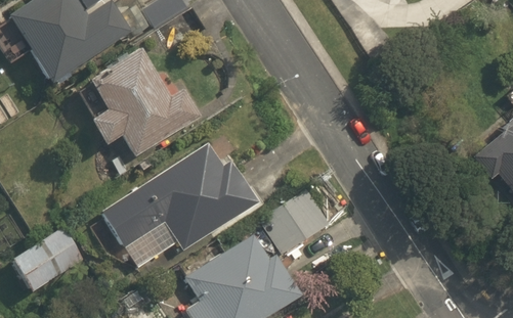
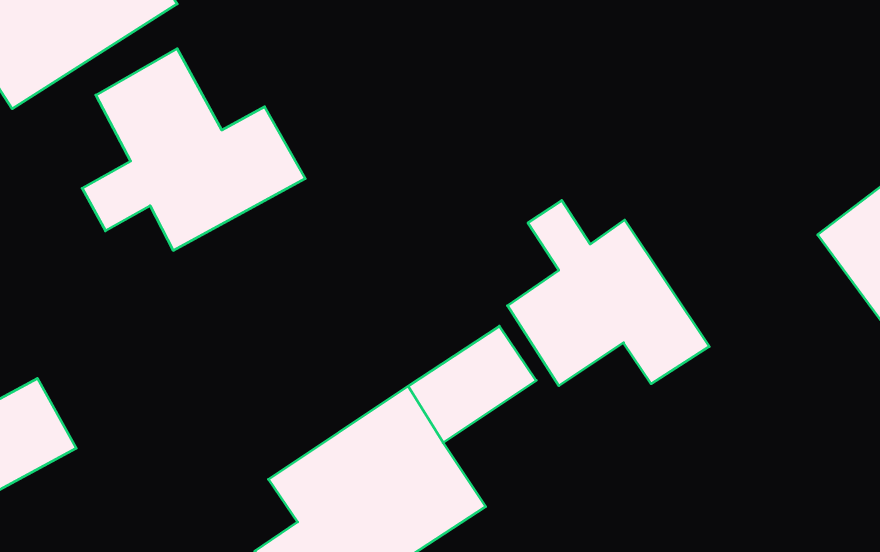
building: none -> [507,200,709,386]
building: [98,133,263,258] -> none

